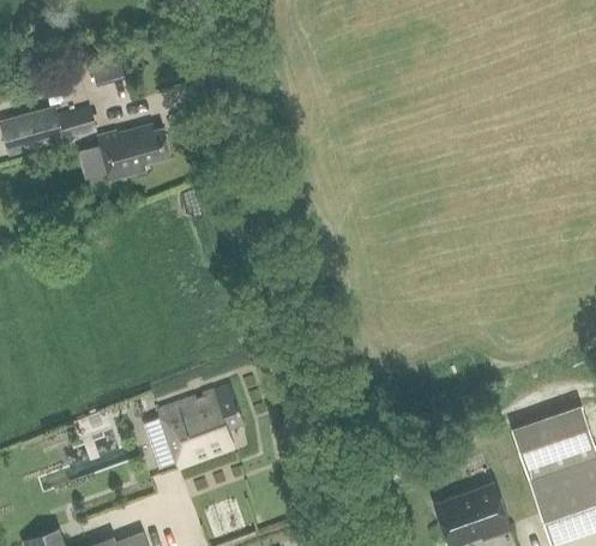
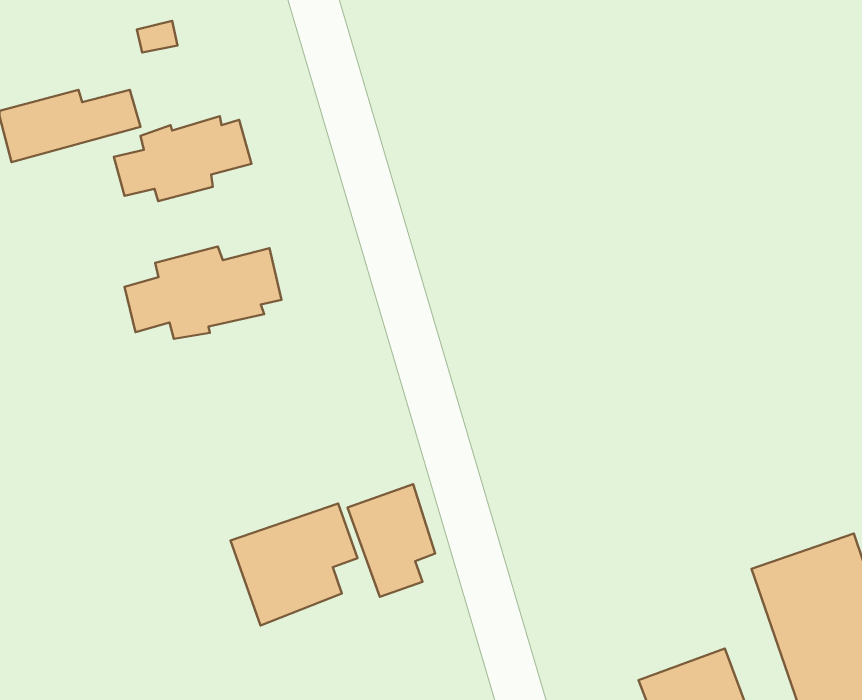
building: none -> [124,247,282,339]
building: none -> [348,484,435,597]

